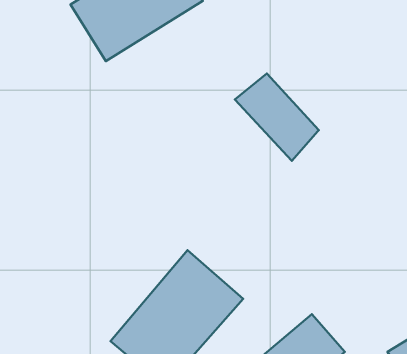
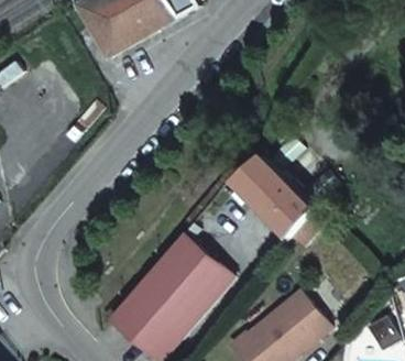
building: [235,73,319,161] -> [234,157,313,239]

